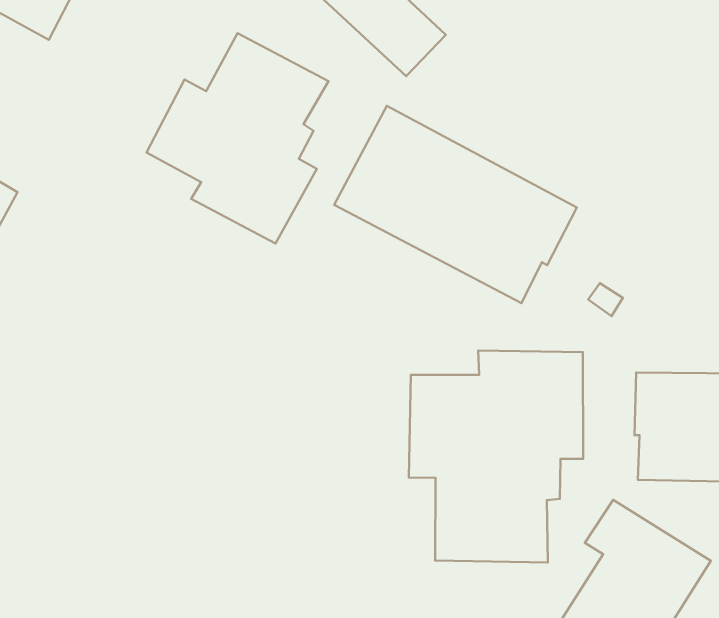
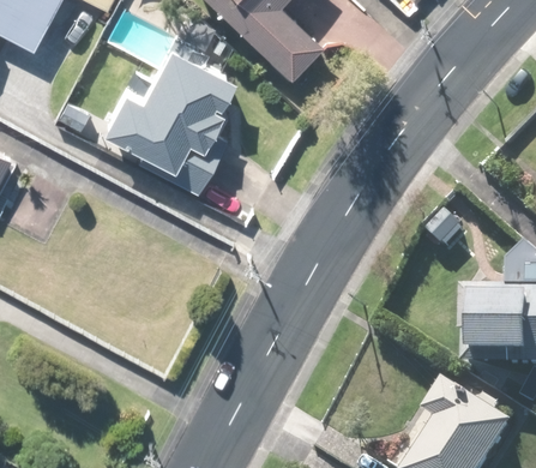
building: [334,106,577,303] -> none
building: [409,351,583,562] -> none

